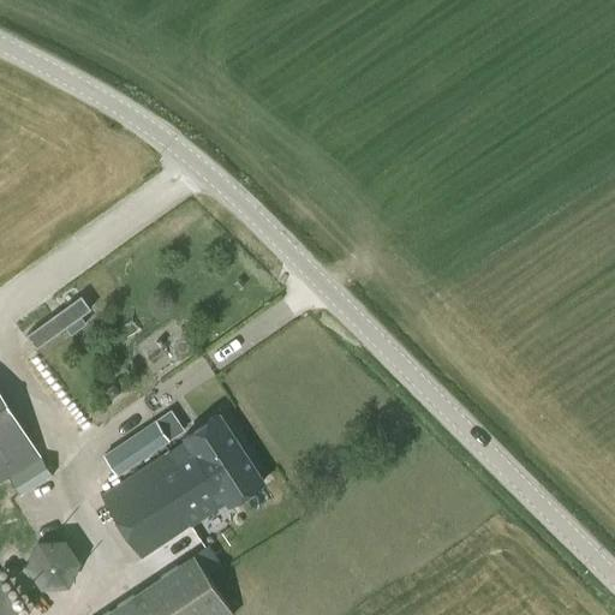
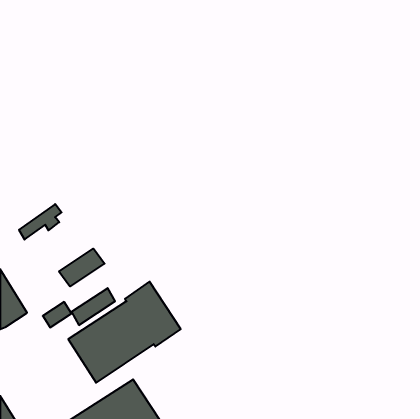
building: none -> [59,249,105,286]
building: [8,459,50,496] -> [43,302,71,327]
building: [25,535,83,591] -> none

